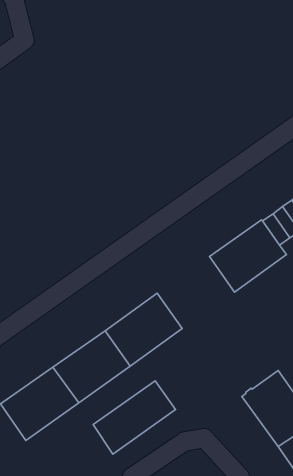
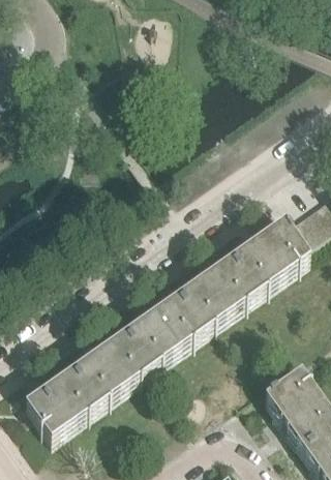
building: none -> [184,258,261,329]
building: [93,381,176,454] -> none

